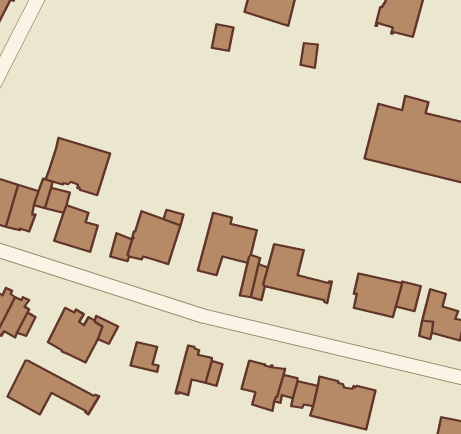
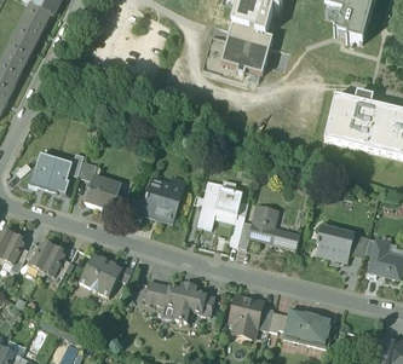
building: none -> [221,23,274,74]
building: [46,138,110,195] -> none
building: none -> [161,282,189,318]
building: [7,361,99,414] -> none

